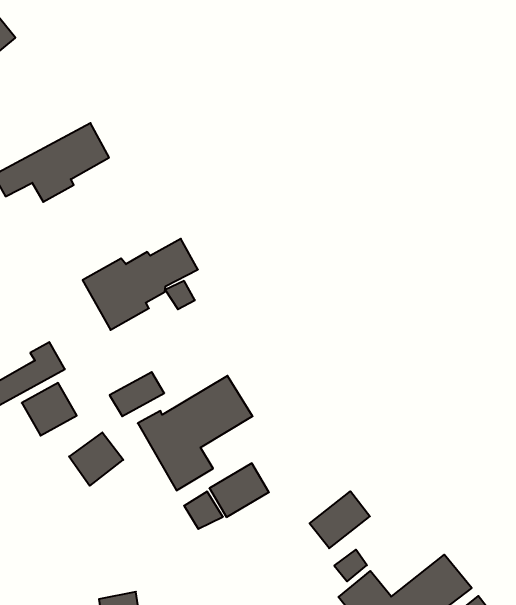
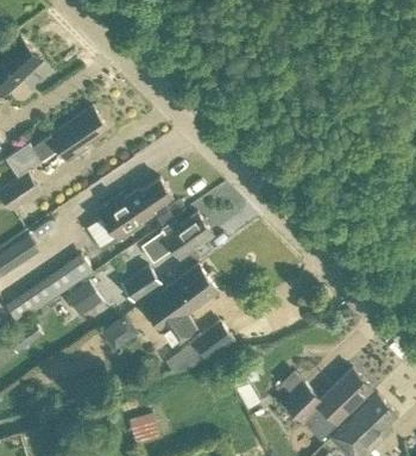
building: none -> [141,214,213,264]
building: [310,491,370,548] -> none

